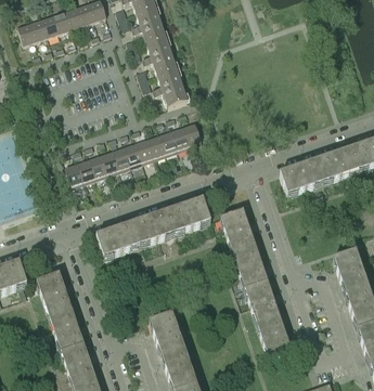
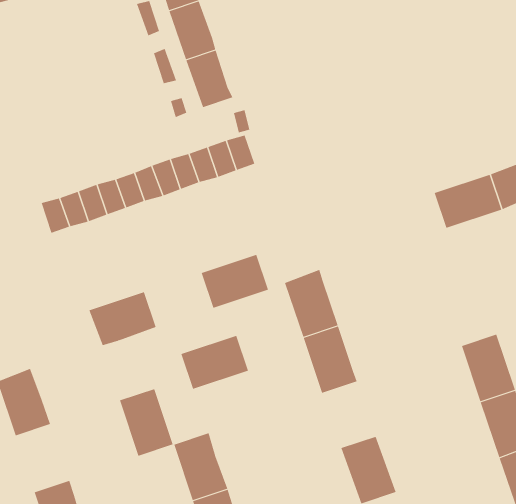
building: [280,159,323,194] -> none
building: [131,210,175,245] -> [181,335,249,390]
building: [244,279,279,322] -> none
building: [49,307,83,350] -> [119,388,174,456]

